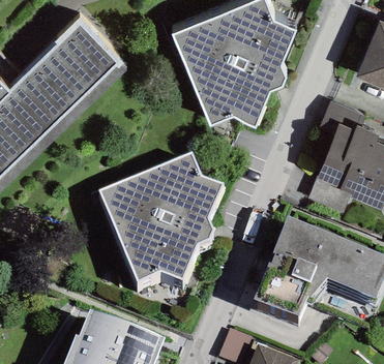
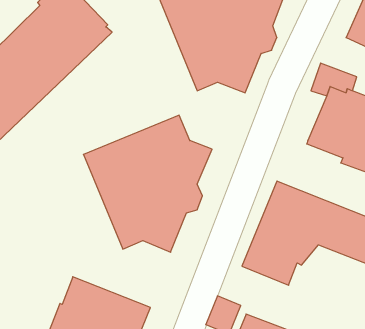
building: [306,176,351,213] -> none

